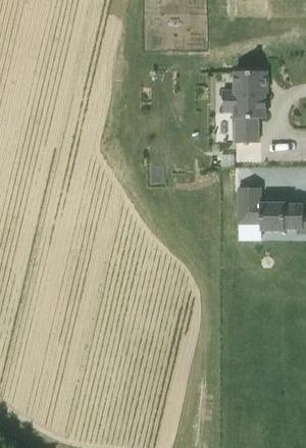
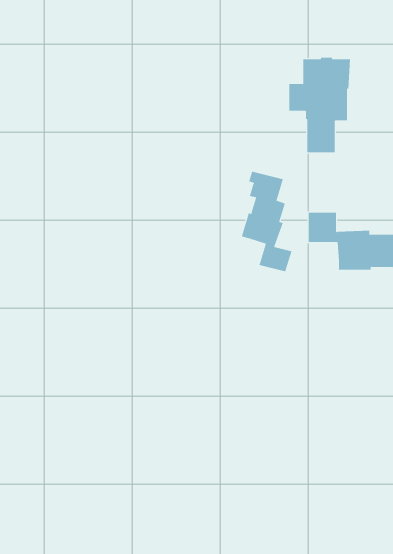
building: none -> [241,171,292,272]

